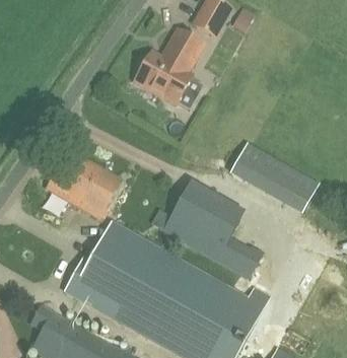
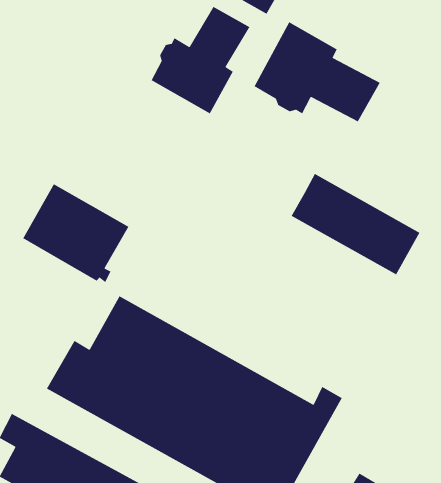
building: none -> [253,21,381,123]
building: [162,180,264,280] -> none

